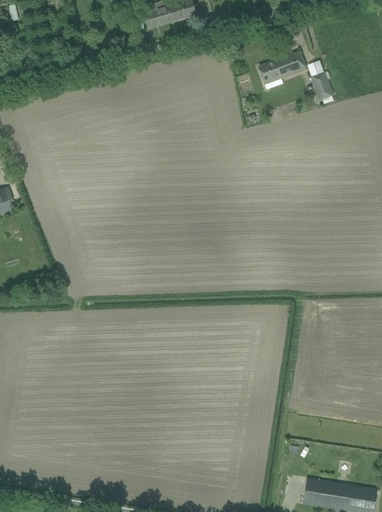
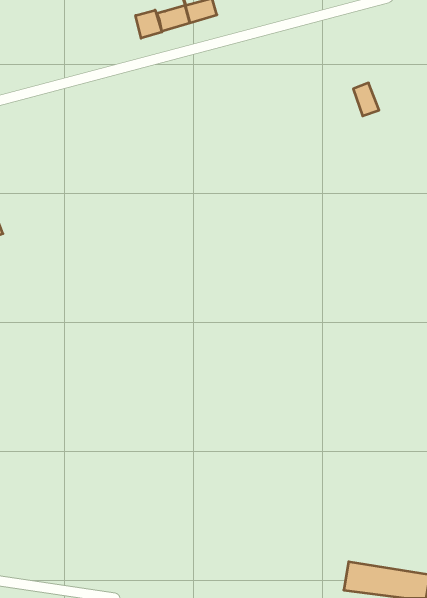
building: none -> [136,10,162,38]
building: [257,52,305,83] -> none

